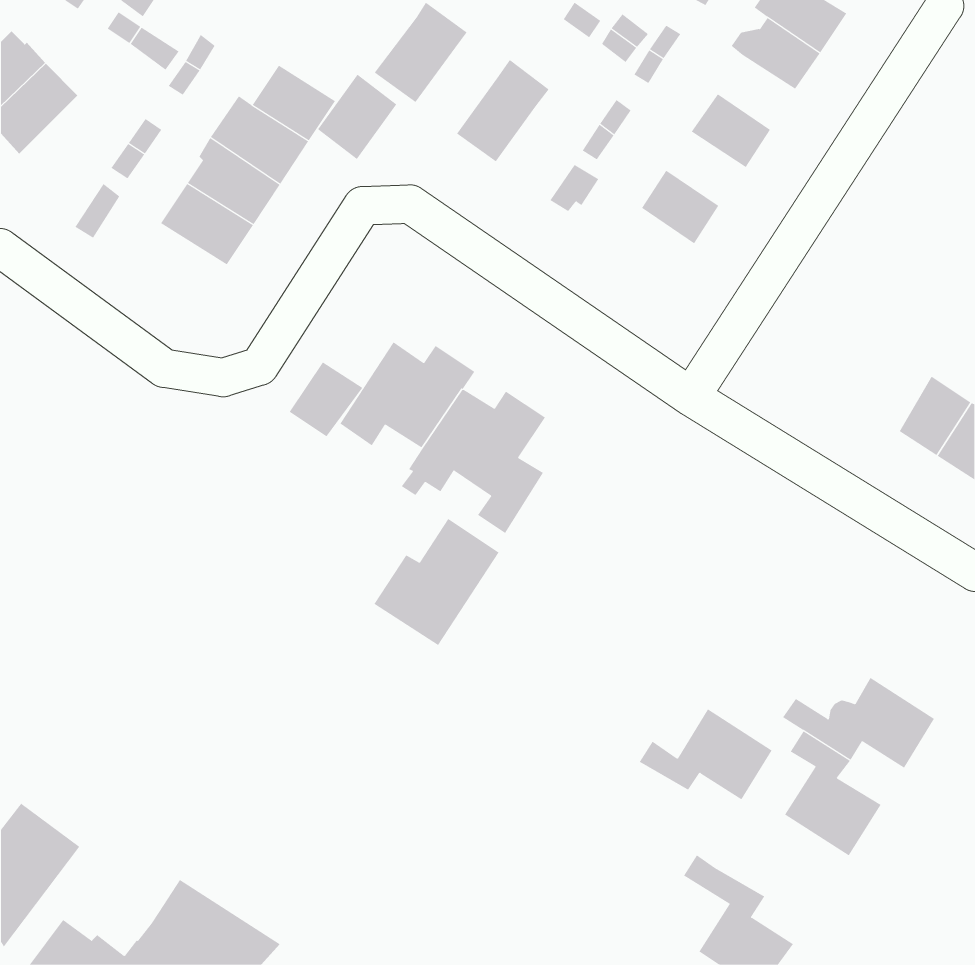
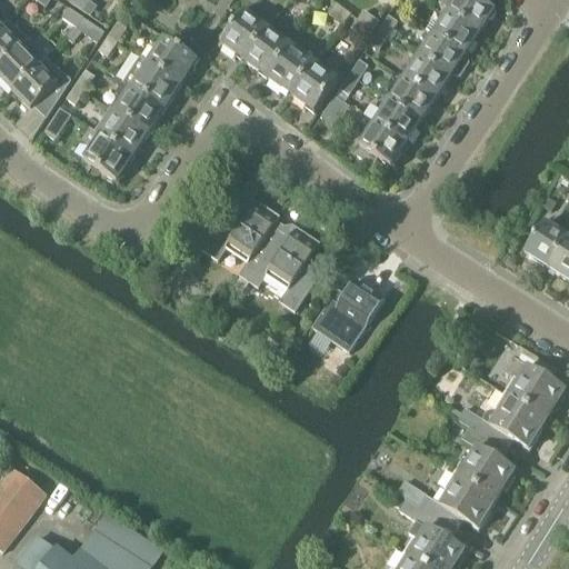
building: none -> [418,32,468,76]
building: [317,74,397,160] -> [242,28,289,78]
building: none -> [11,56,70,118]
building: none -> [289,62,337,112]
building: none -> [388,77,435,120]
building: none -> [352,121,405,166]
building: none -> [81,127,132,180]
building: [289,361,363,437] -> none
building: [374,518,499,646] -> [311,277,385,351]
building: none -> [502,345,563,419]
building: [639,709,772,800] -> [417,475,495,528]

